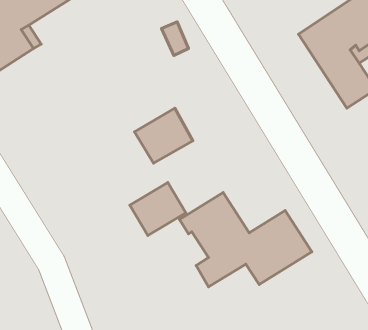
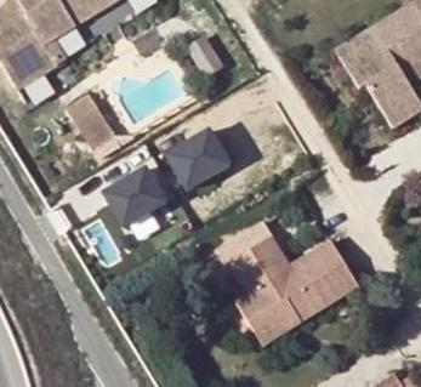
building: none -> [66,92,116,150]
building: [130,183,186,235] -> [104,169,165,226]
building: none -> [246,298,301,346]

